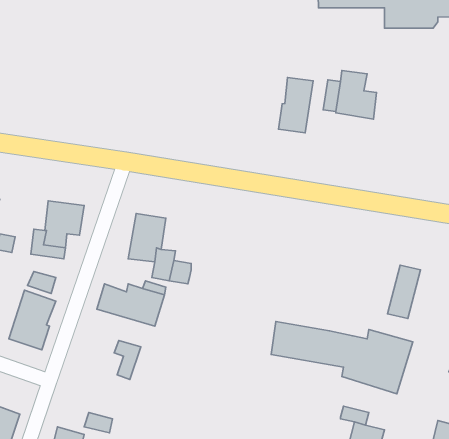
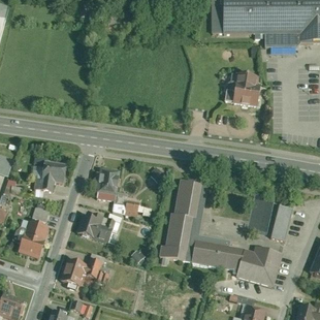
building: [278,78,313,133] -> none
building: none -> [158,180,230,261]
building: none -> [245,192,271,231]
building: none -> [60,258,86,285]

